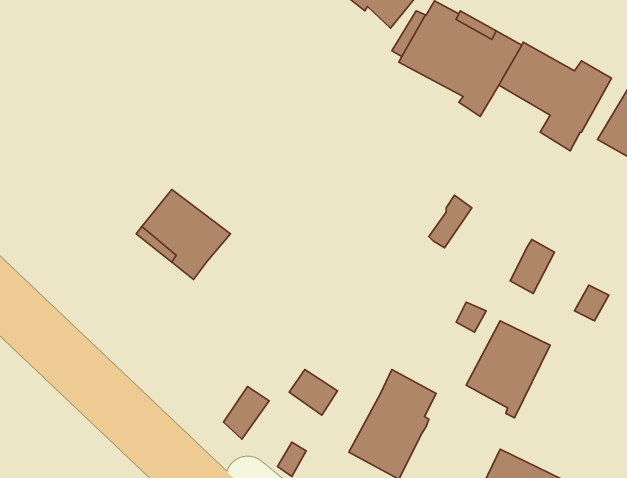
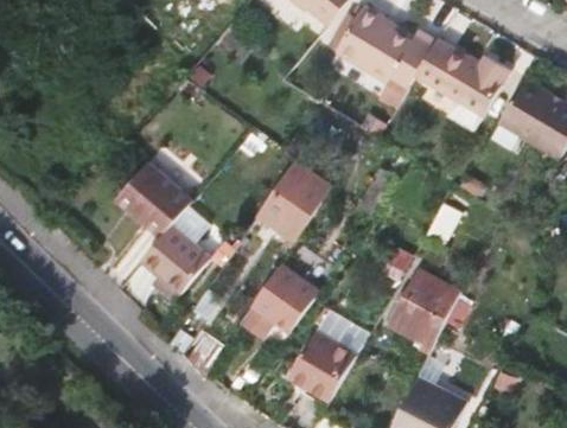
building: none -> [262,161,317,234]
building: none -> [142,221,212,296]
building: none -> [253,264,319,331]

